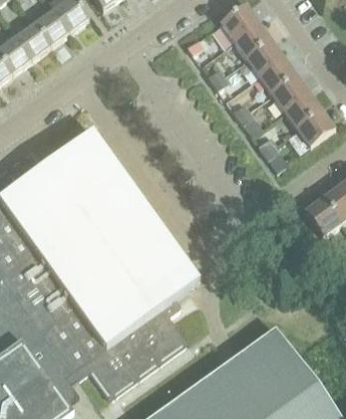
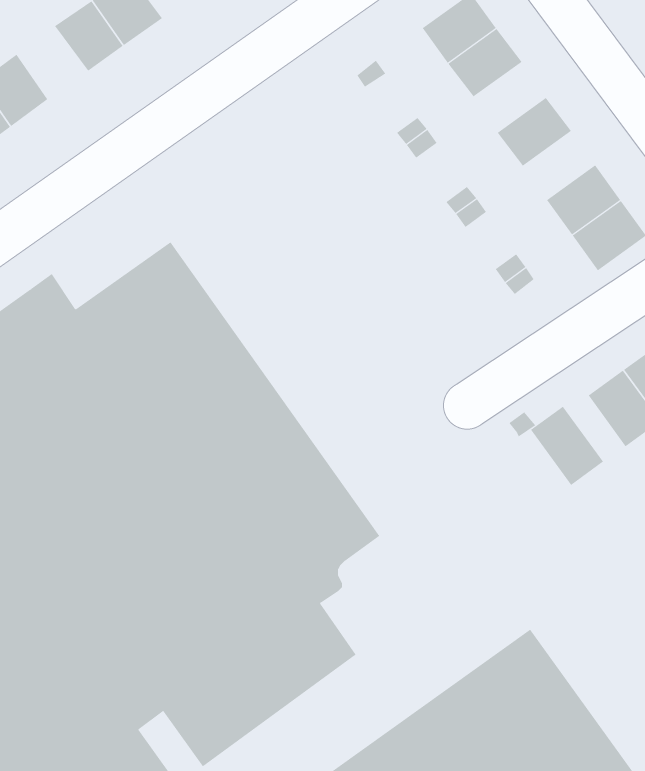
building: [15,21,51,58] -> none
building: [247,39,284,75] -> none
building: [272,74,309,110] -> none
building: none -> [530,406,604,486]

